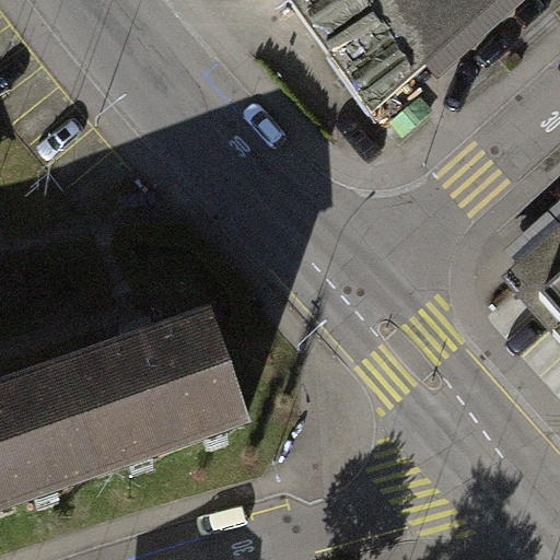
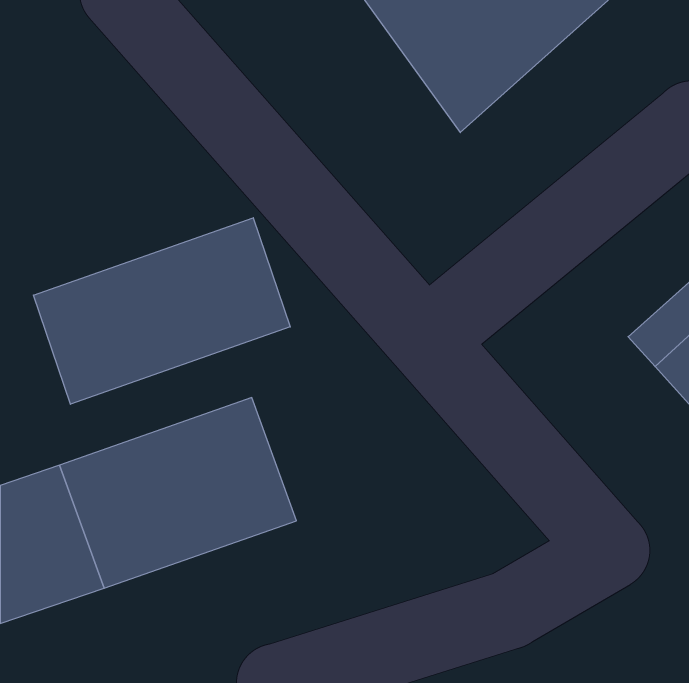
building: none -> [33,218,290,404]

